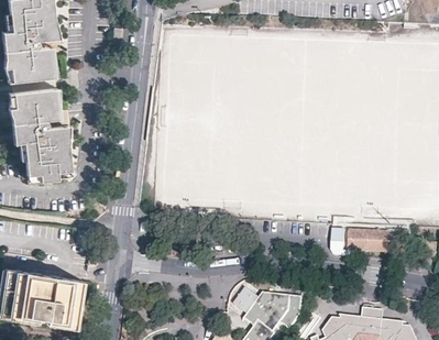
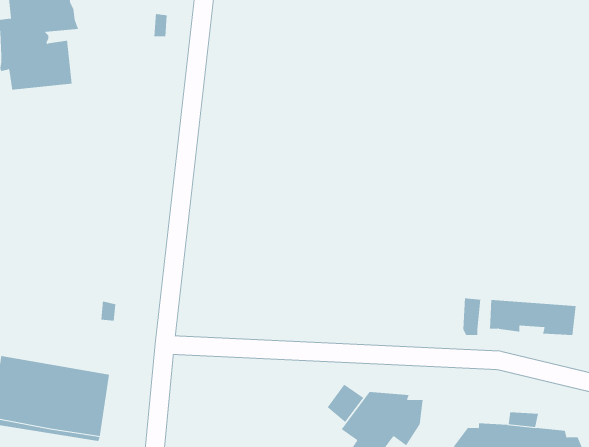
building: [8,86,69,179] -> none

